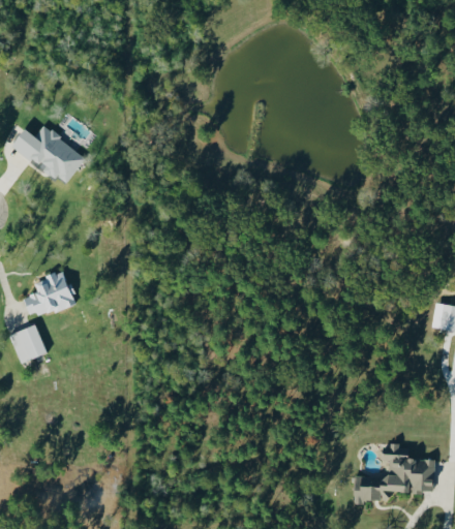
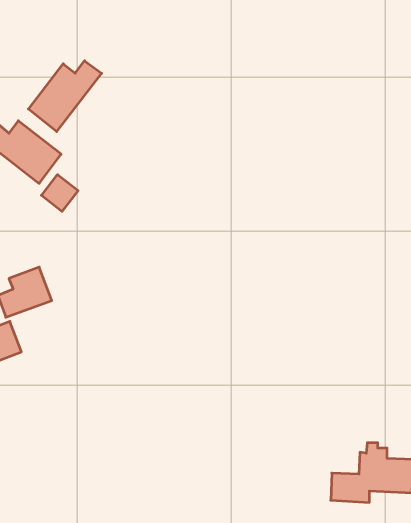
building: none -> [28,61,102,132]
building: none -> [41,175,78,211]

